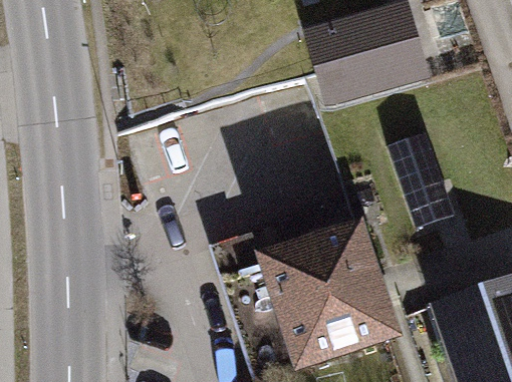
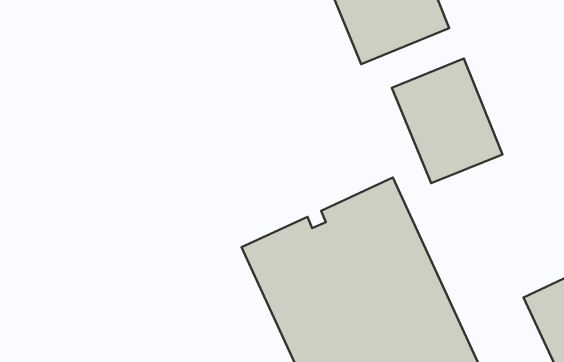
building: none -> [392,58,503,183]

